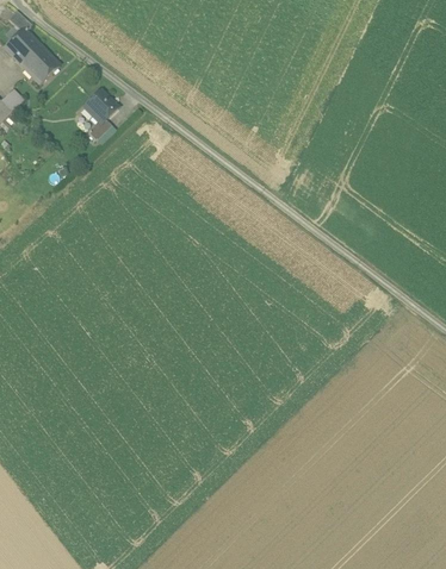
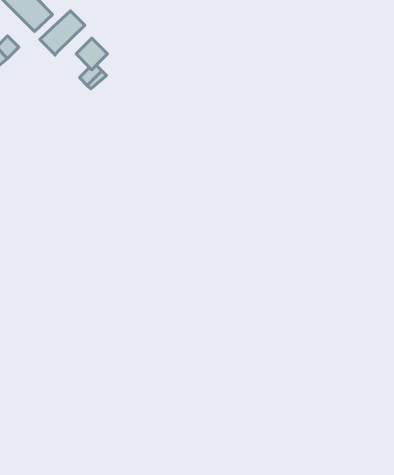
building: none -> [40,11,85,55]

